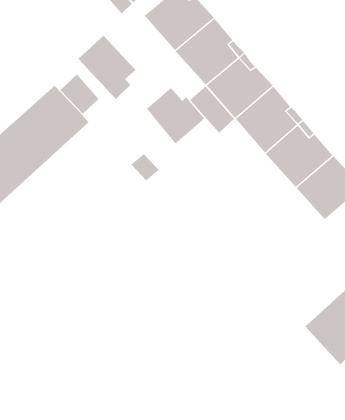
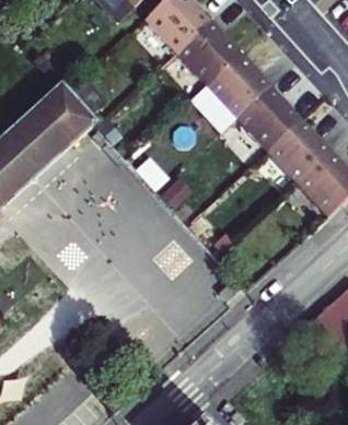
building: [78,35,137,100] -> none
building: [146,87,205,144] -> none

